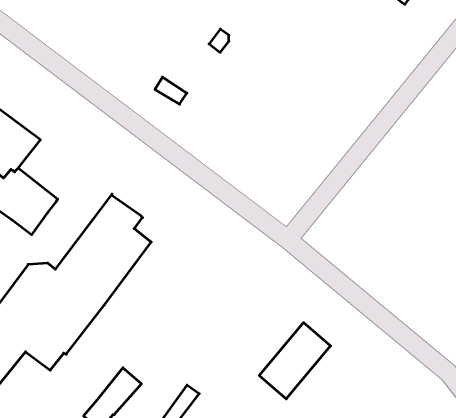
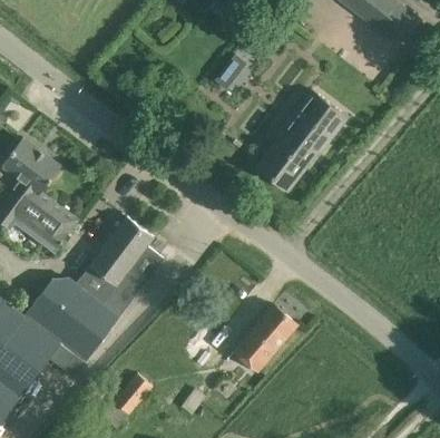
building: none -> [256,88,348,191]
building: [259,323,331,399] -> [232,303,296,372]

